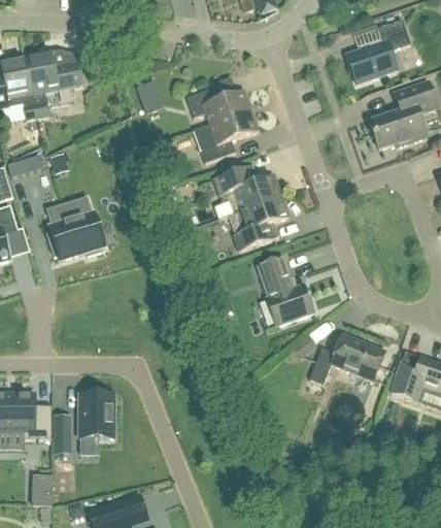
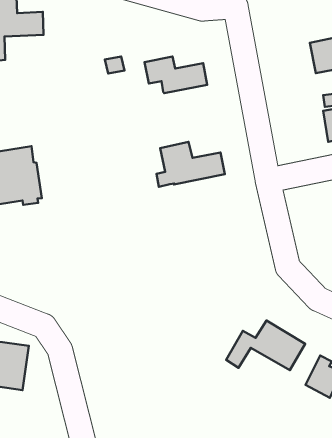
building: [193,109,259,162] -> none
building: [229,195,289,250] -> none
building: [258,257,313,324] -> none

